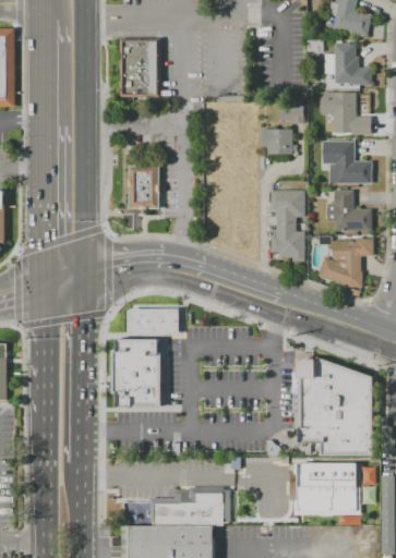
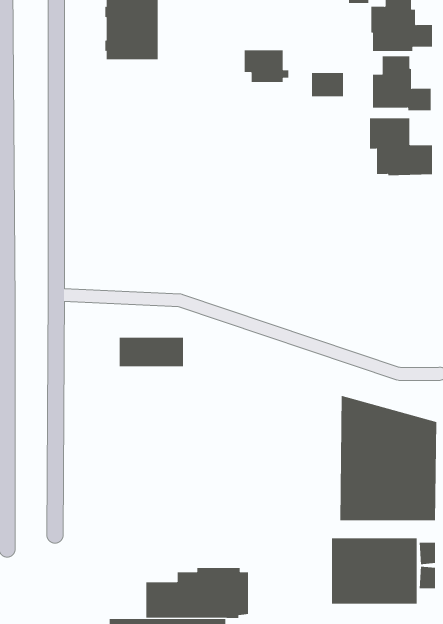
building: [262,130,297,155] -> [244,50,289,82]
building: [128,166,159,209] -> none
building: [272,191,305,262] -> none
building: [327,191,372,231] -> none
building: [319,239,374,288] -> none
building: [111,340,161,409] -> none

